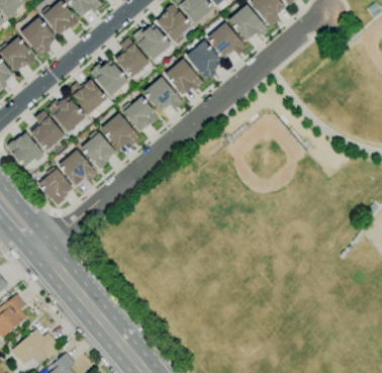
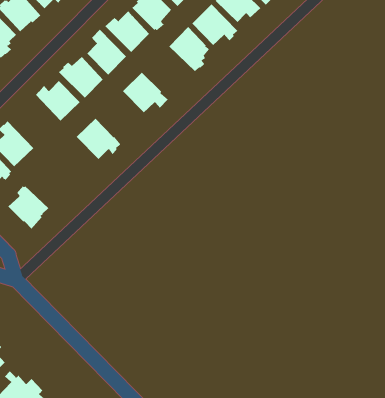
building: [164,59,202,95] -> none
building: [46,96,85,132] -> none
building: [121,96,159,131] -> none
building: [80,130,115,169] -> none
building: [58,150,96,185] -> none

